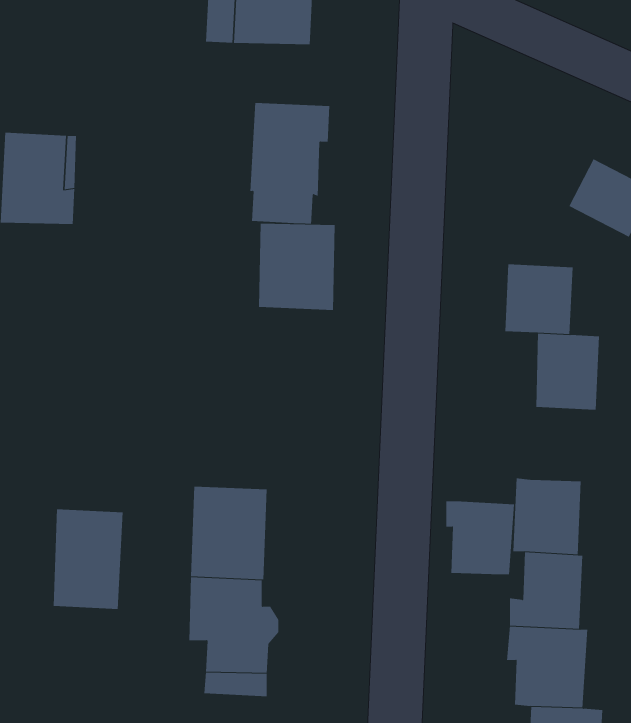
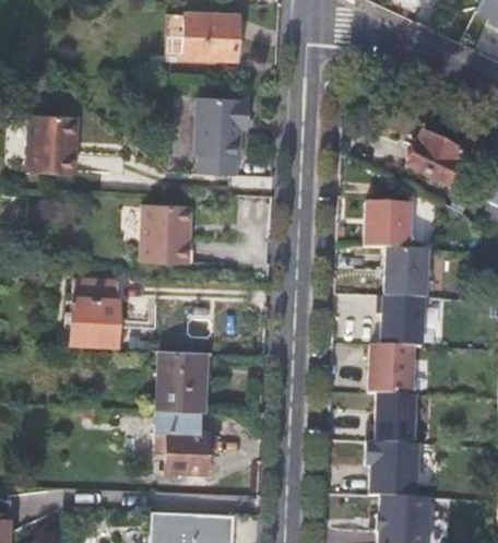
building: [258,223,335,310] -> [142,206,193,264]
building: [446,501,515,575] -> [379,298,425,347]
building: [53,509,123,609] -> [72,278,119,344]

